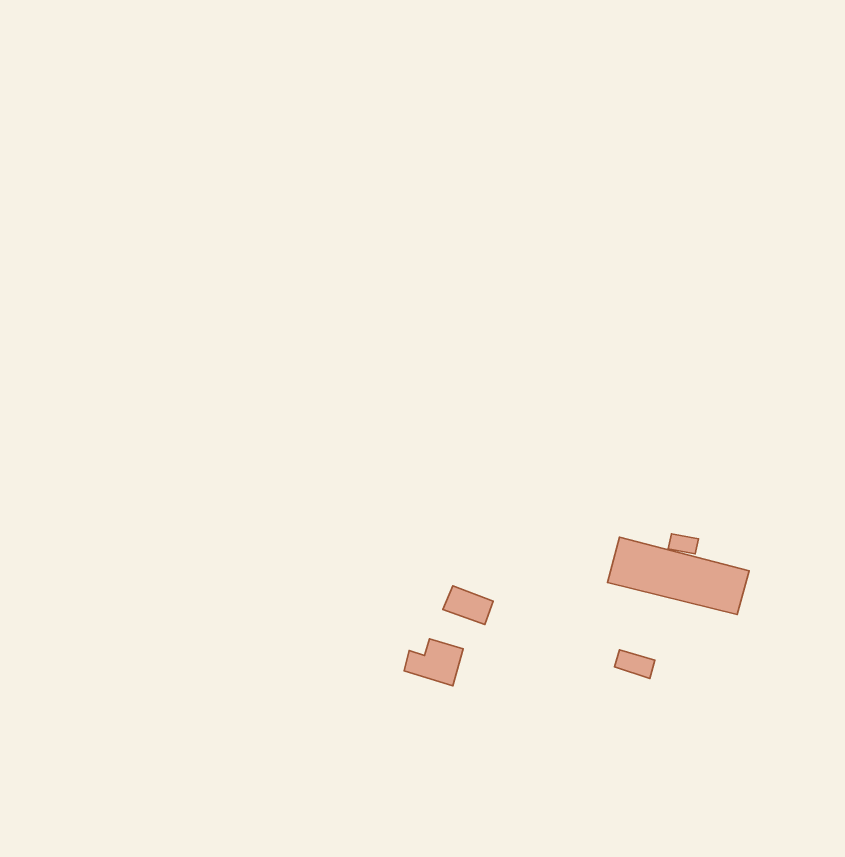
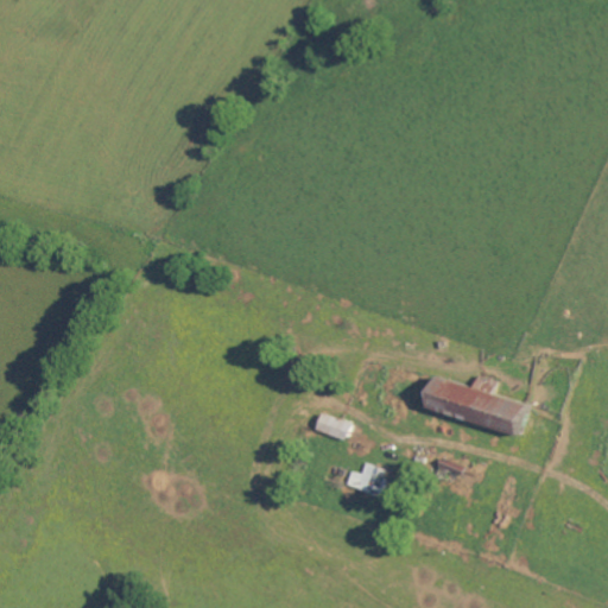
building: [404,639,463,686] -> [342,462,384,495]

